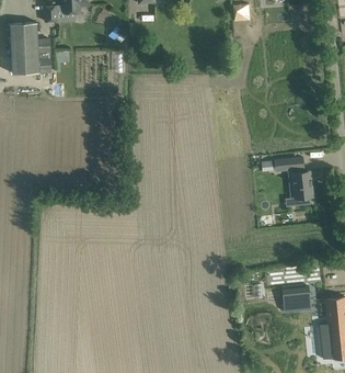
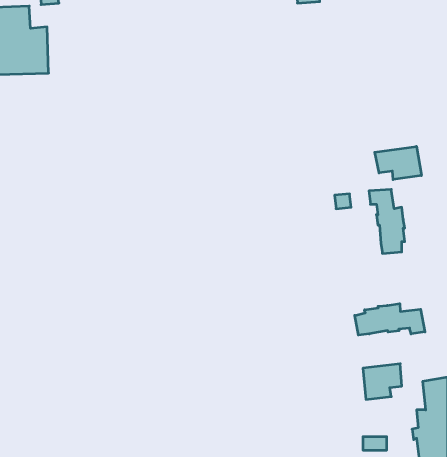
building: none -> [375,146,421,180]
building: none -> [355,304,425,335]

